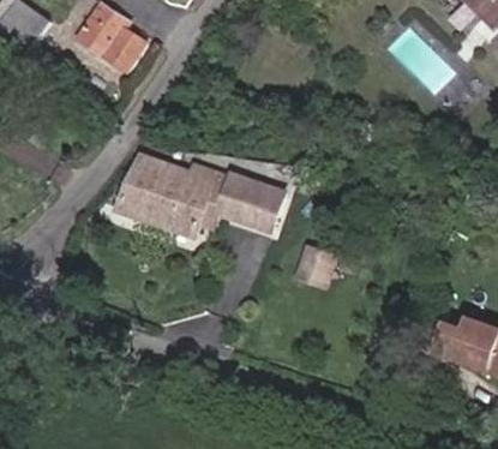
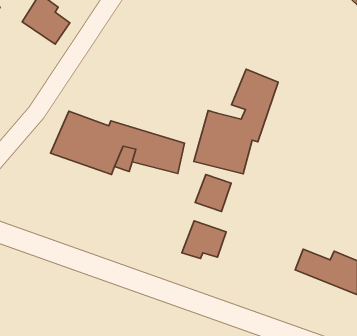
building: none -> [194,69,278,174]
building: none -> [182,221,226,258]

